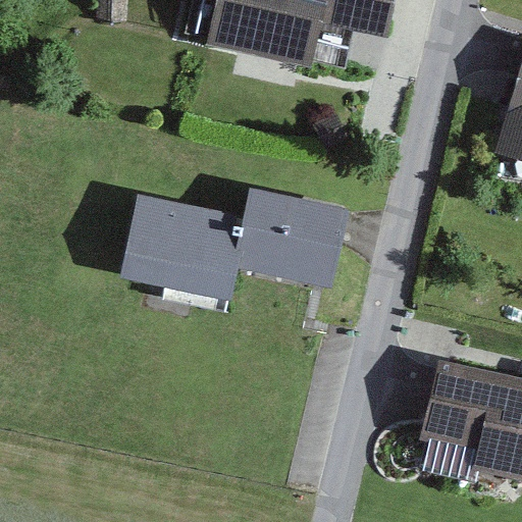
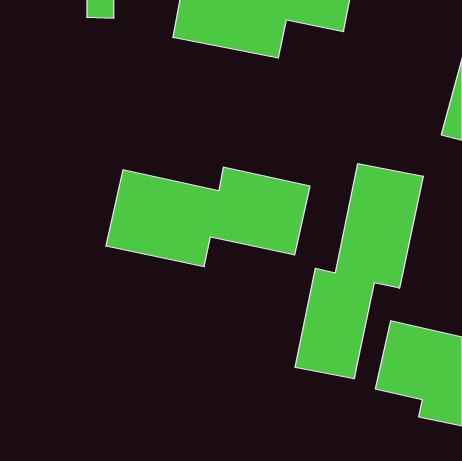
building: none -> [295,164,423,379]

